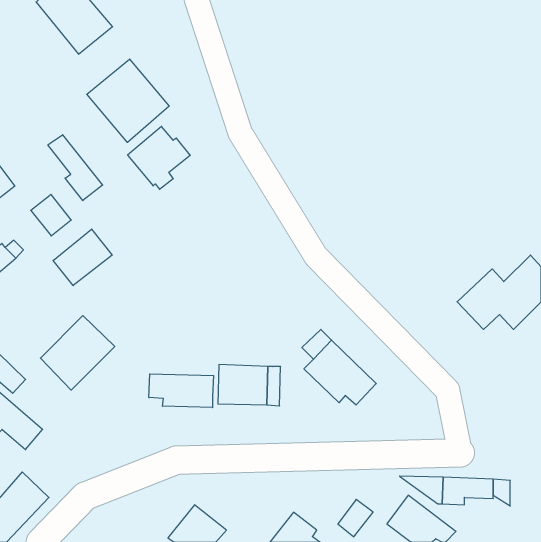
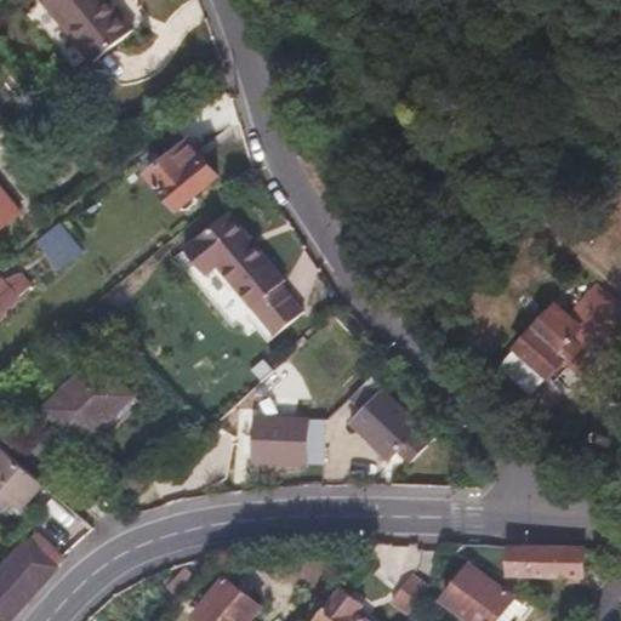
building: [87,59,169,142] -> none
building: [48,135,103,201] -> none
building: none -> [183,215,306,340]
building: [53,229,112,286] -> none
building: [149,374,214,408] -> none

